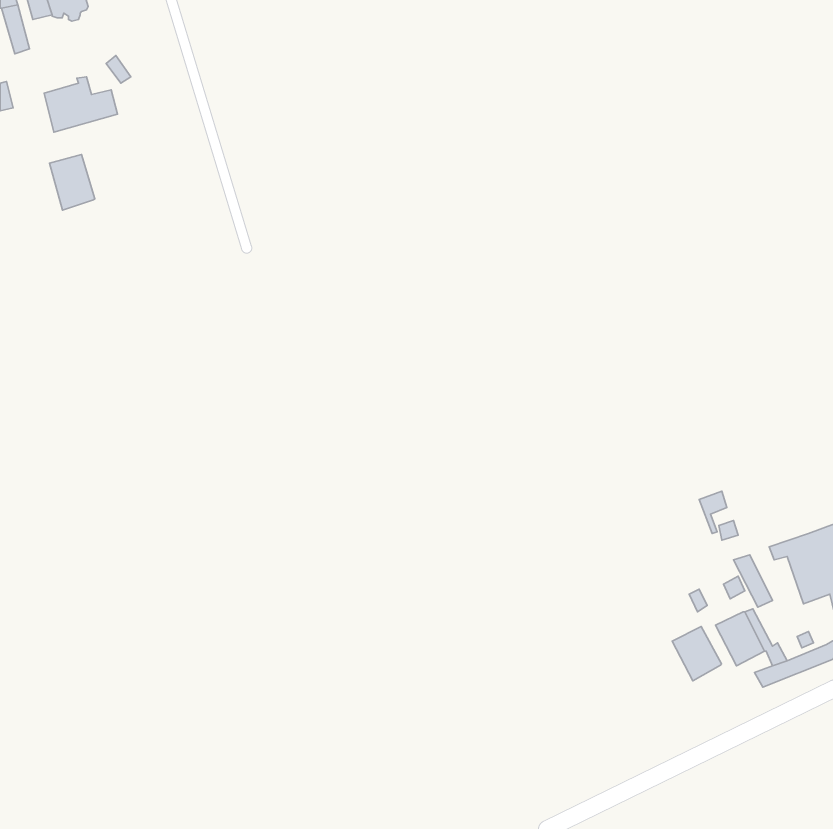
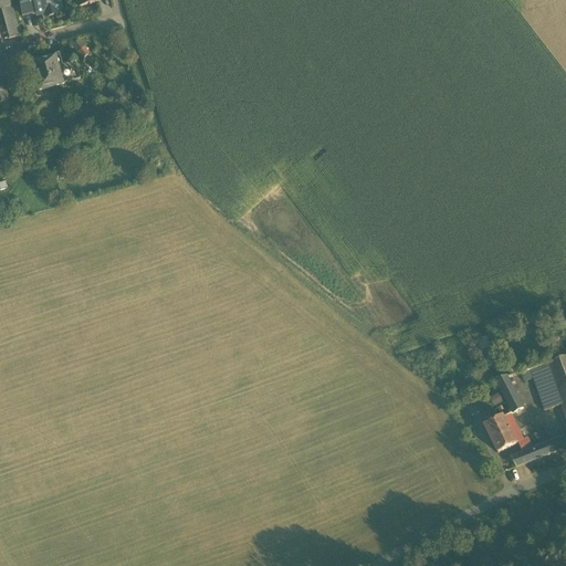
building: [49,154,95,210] -> none
building: [672,626,721,681] -> none

